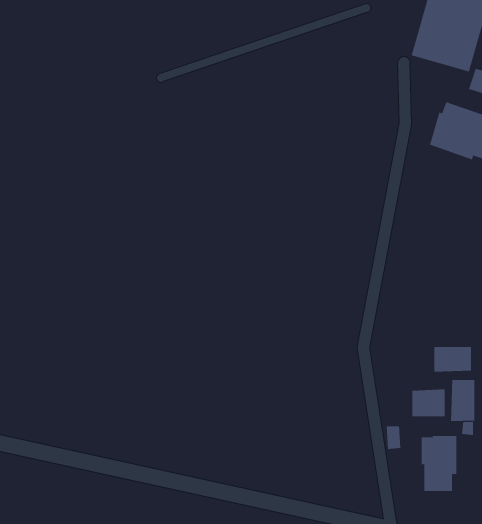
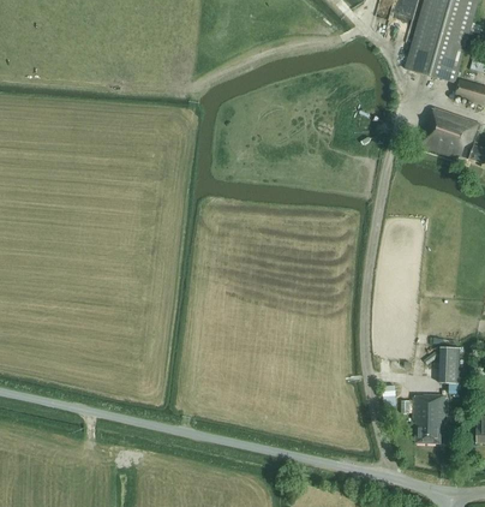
building: [434,346,472,373] -> none
building: [412,389,445,417] -> none

